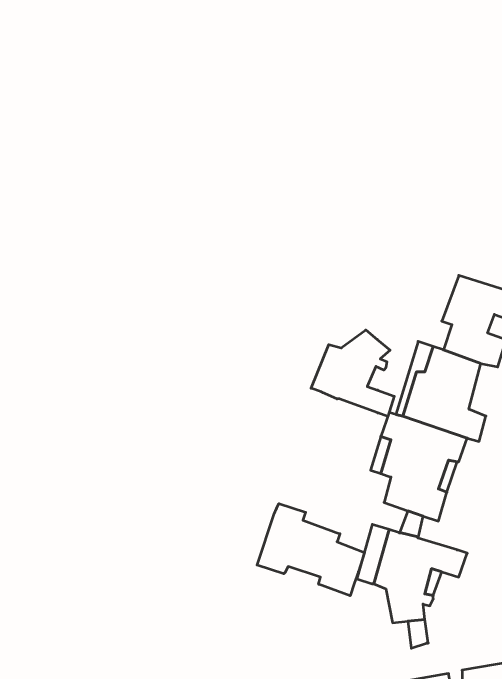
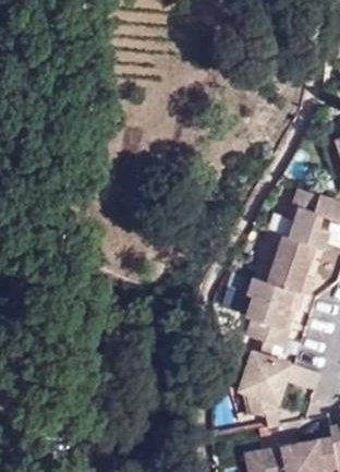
building: [311,330,394,416] -> none
building: [257,504,364,596] -> none

